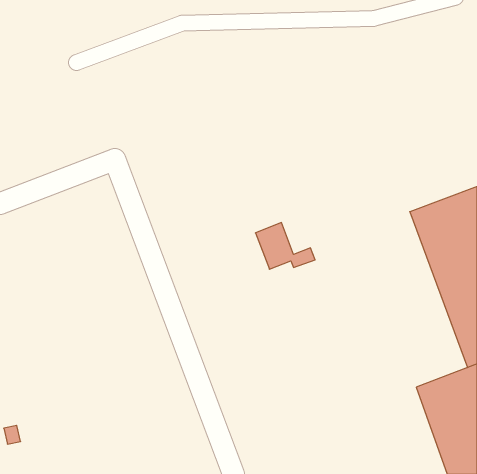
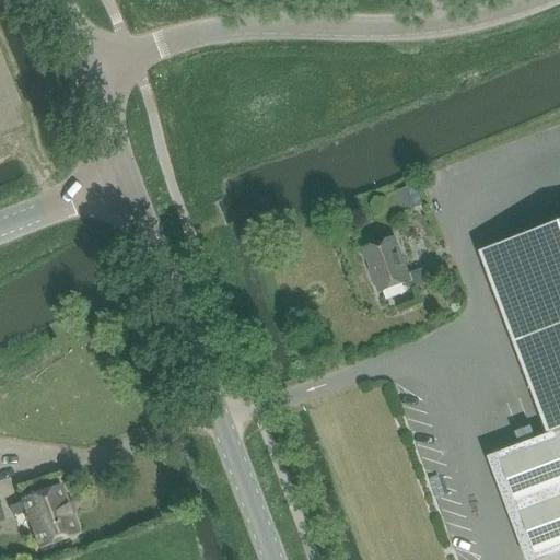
building: [255,223,315,269] -> [363,233,433,288]
building: none -> [21,482,78,546]

